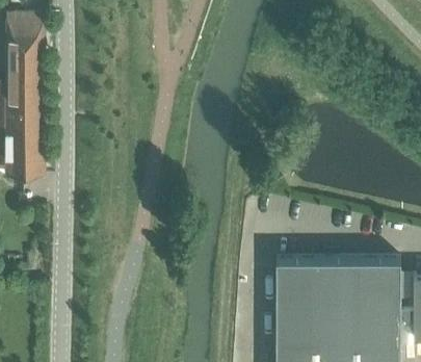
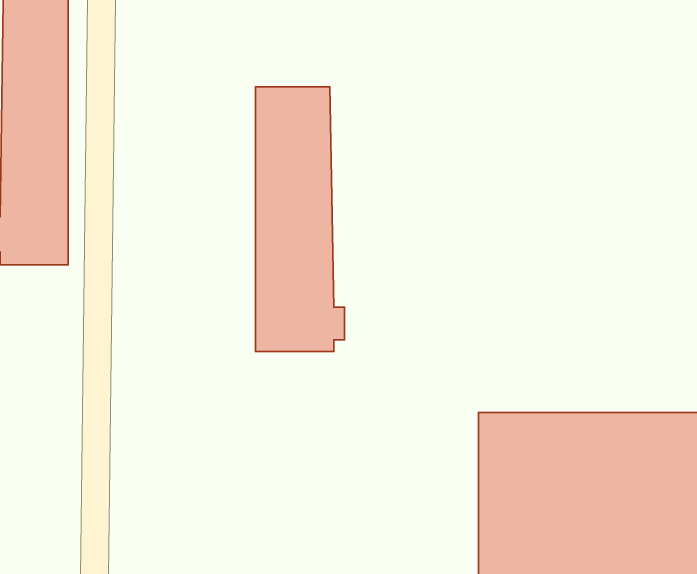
building: none -> [255,87,345,352]

